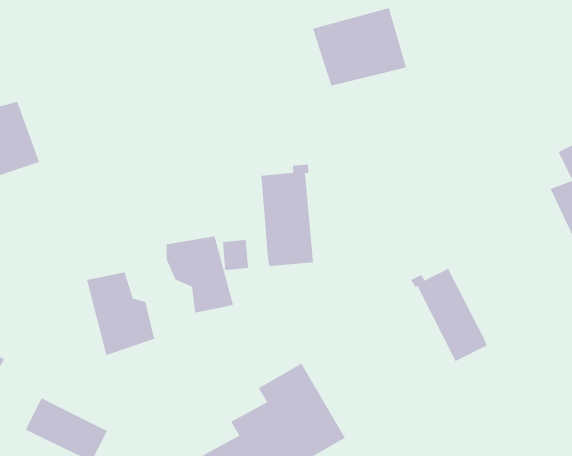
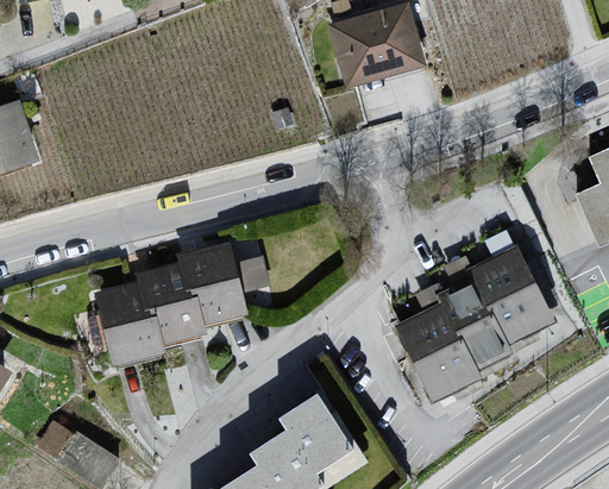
building: [261,164,314,267] -> none
building: none -> [465,243,552,351]
building: none -> [137,265,211,344]
building: none -> [389,299,483,406]

